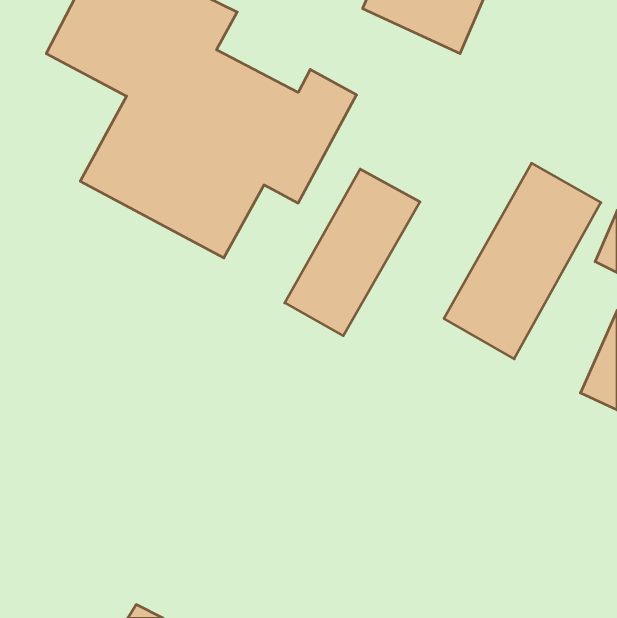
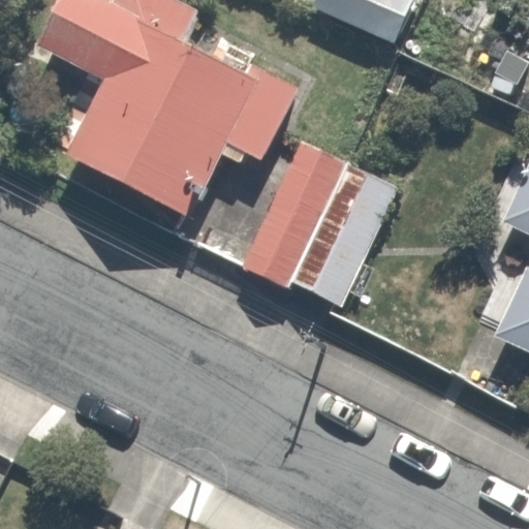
building: [444,163,601,359] -> none

